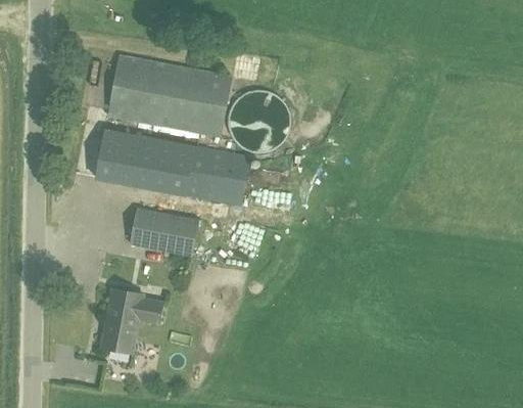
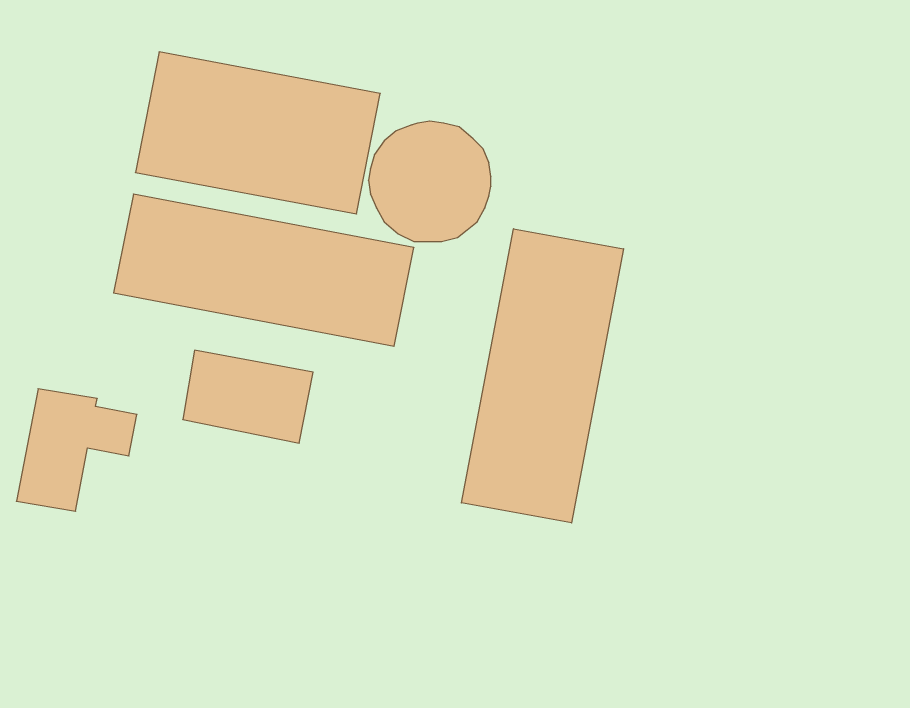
building: none -> [461,229,624,523]
building: [101,289,163,353] -> [16,389,137,511]

